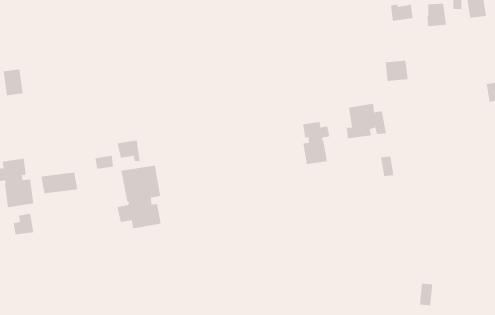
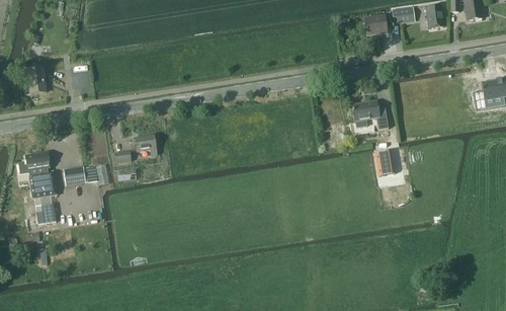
building: [385,60,408,82] -> [364,15,387,35]
building: [303,121,330,165] -> none
building: [117,165,161,229] -> none

